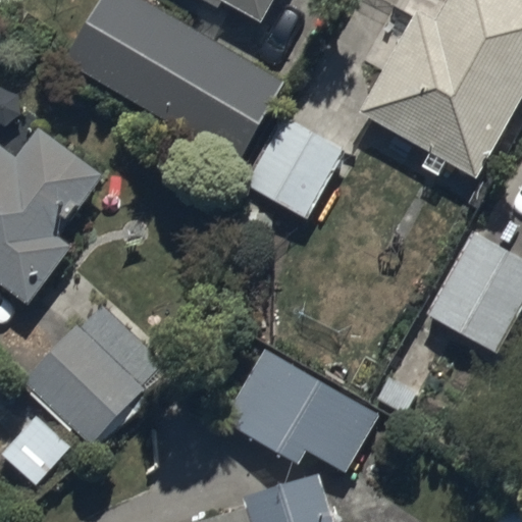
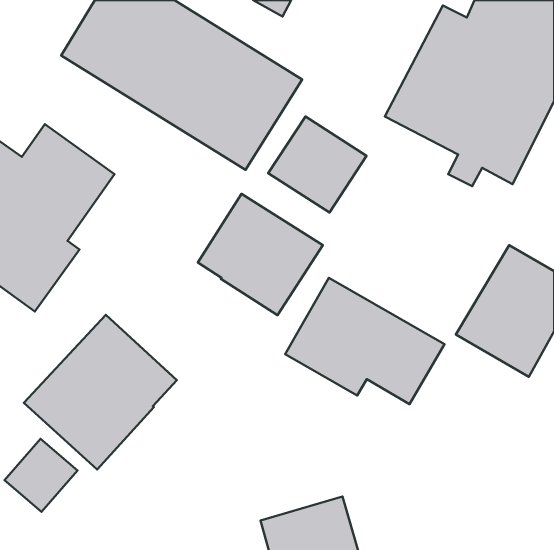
building: none -> [198,194,323,315]
building: [229,350,378,468] -> [285,278,444,404]

